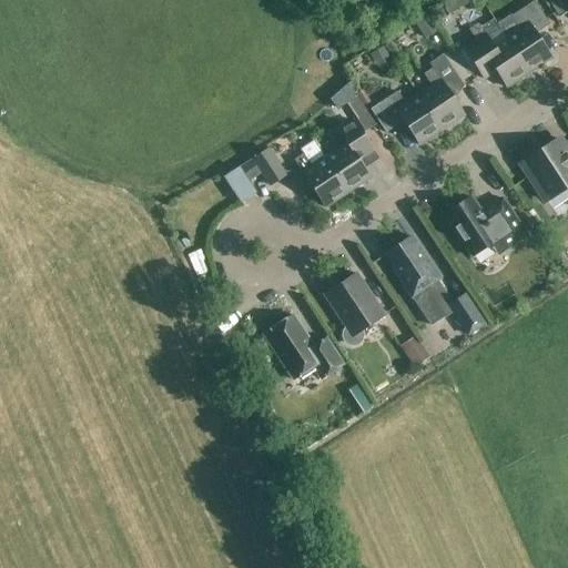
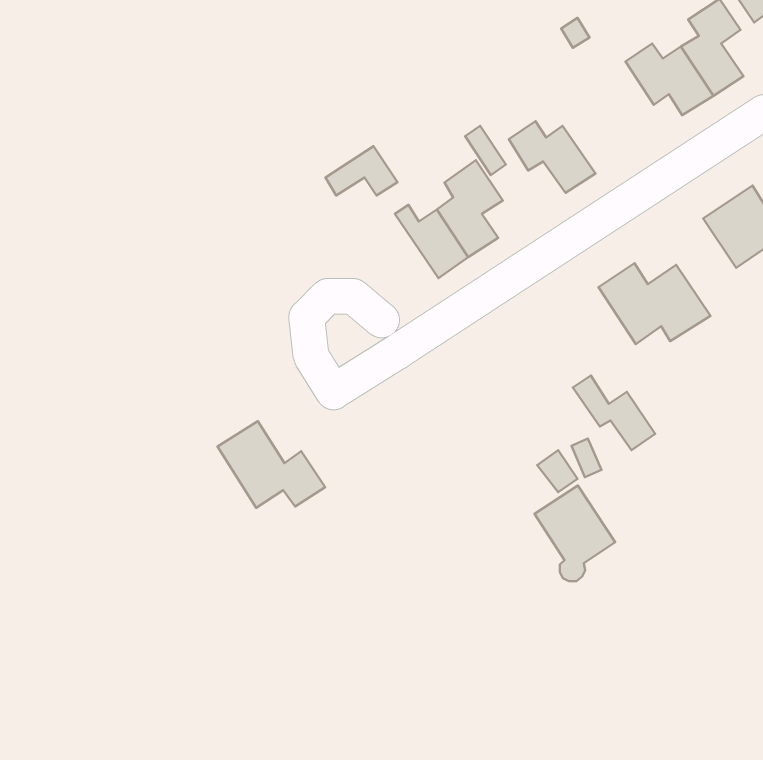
building: [418,52,465,129] -> none
building: [233,148,286,184] -> [326,146,397,196]
building: [386,235,440,296] -> none
building: [325,272,385,343] -> [534,485,615,581]
building: [264,314,344,378] -> [217,421,325,508]

